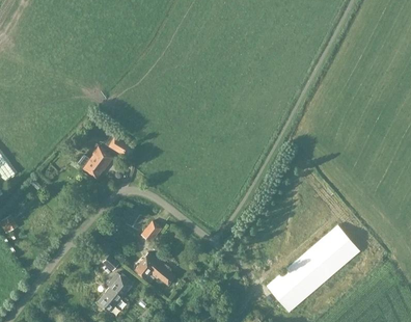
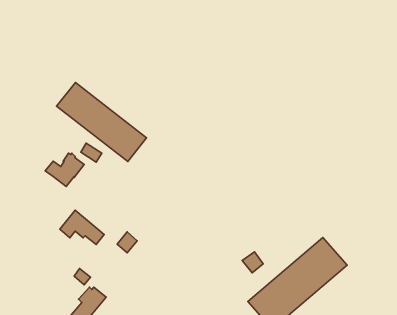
building: none -> [57,83,147,161]
building: [134,252,175,285] -> [60,210,104,245]

